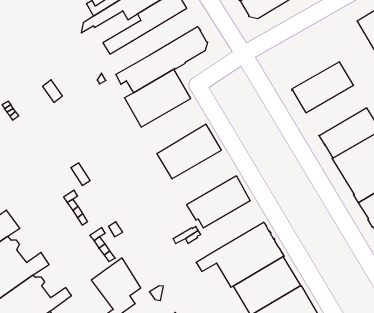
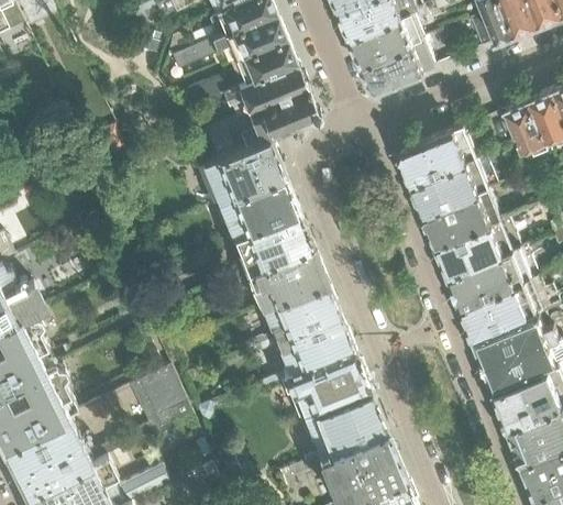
building: none -> [222,66,307,118]
building: none -> [404,131,477,187]
building: none -> [426,194,503,250]
building: none -> [218,179,299,242]
building: none -> [246,250,327,311]
building: none -> [276,318,353,374]

